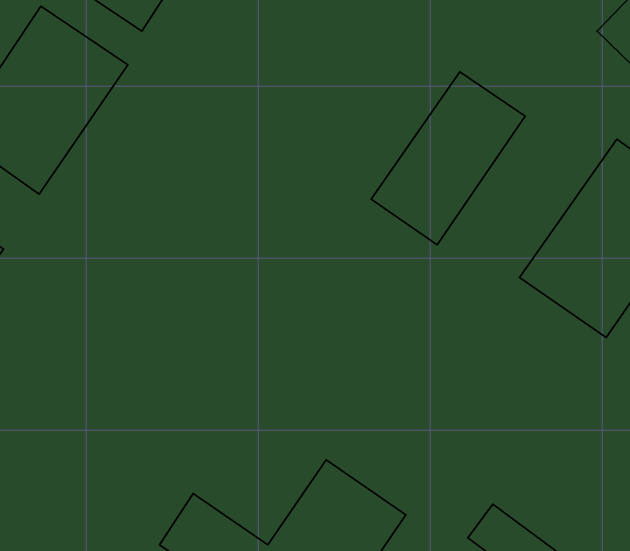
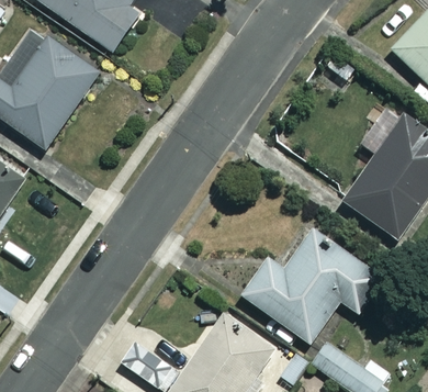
building: [371,72,525,245] -> none
building: none -> [241,227,385,344]

